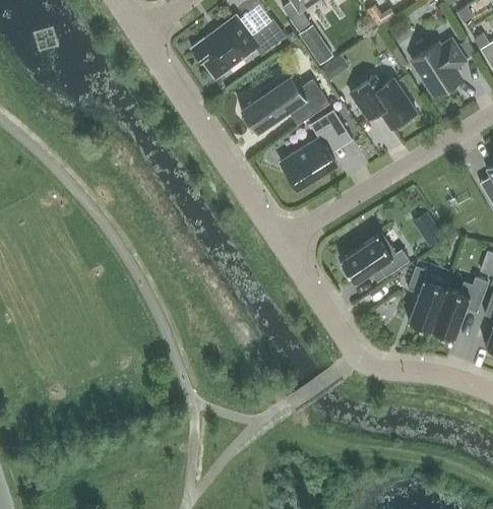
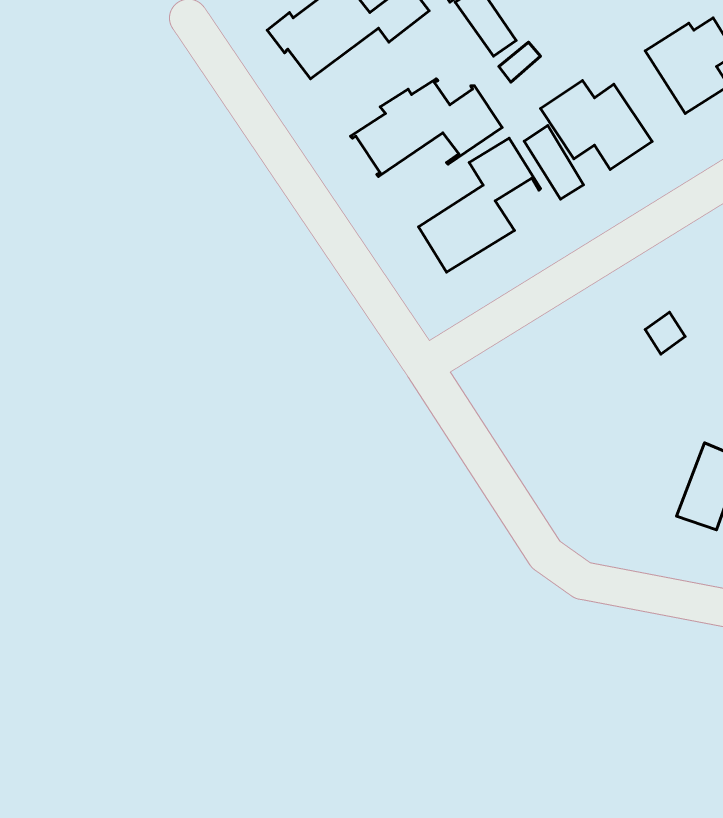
building: none -> [524,126,583,199]
building: [340,233,409,282] -> none
building: [407,265,447,330] -> none

